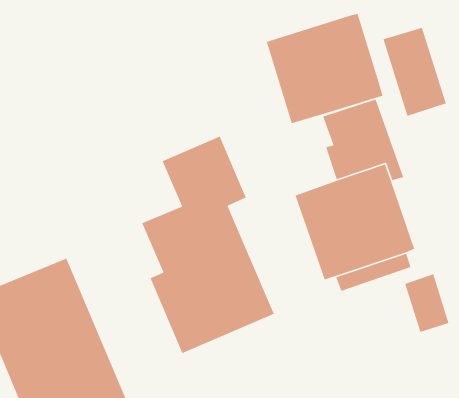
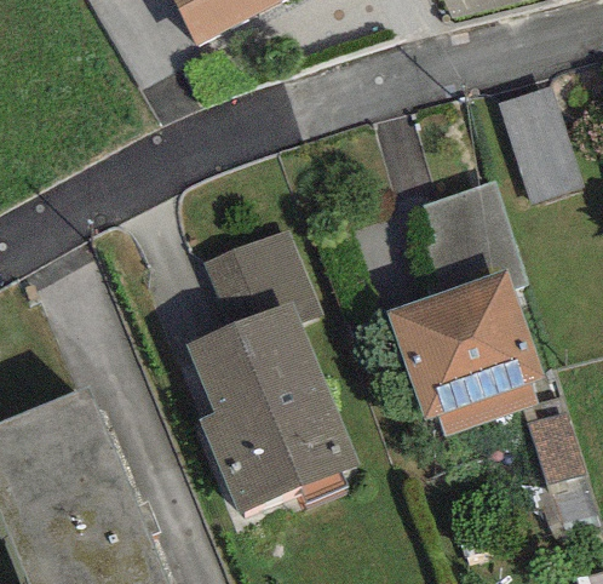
building: [266,13,383,124] -> none

